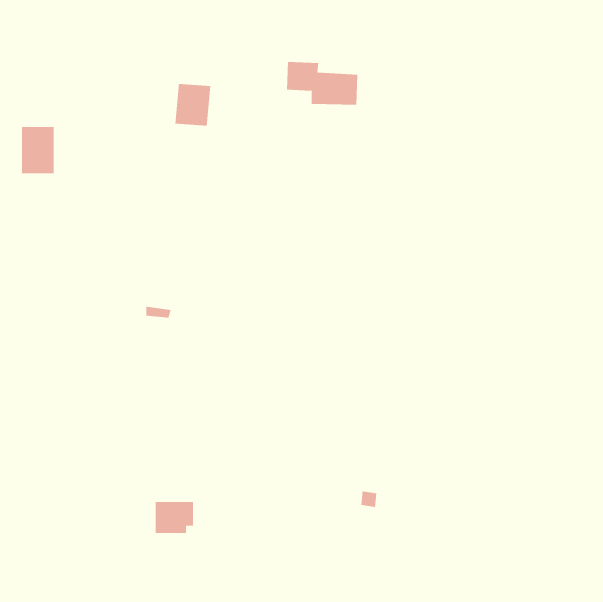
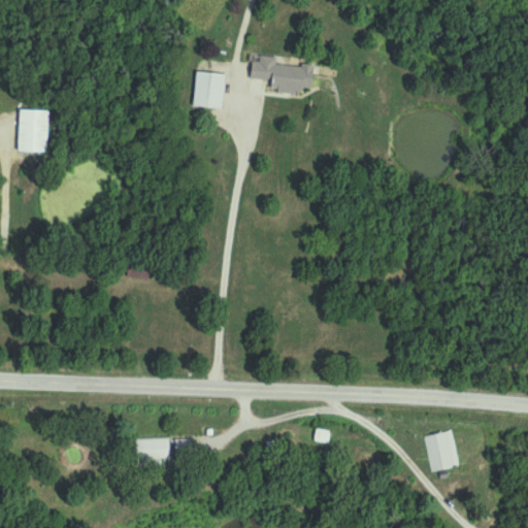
building: [175,84,211,126] -> [193,71,225,108]
building: none -> [425,430,454,471]

